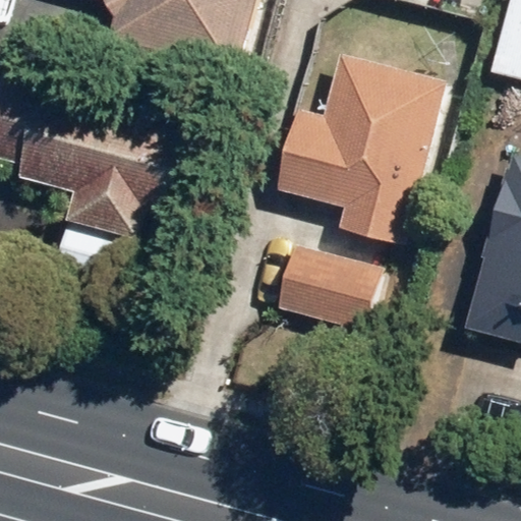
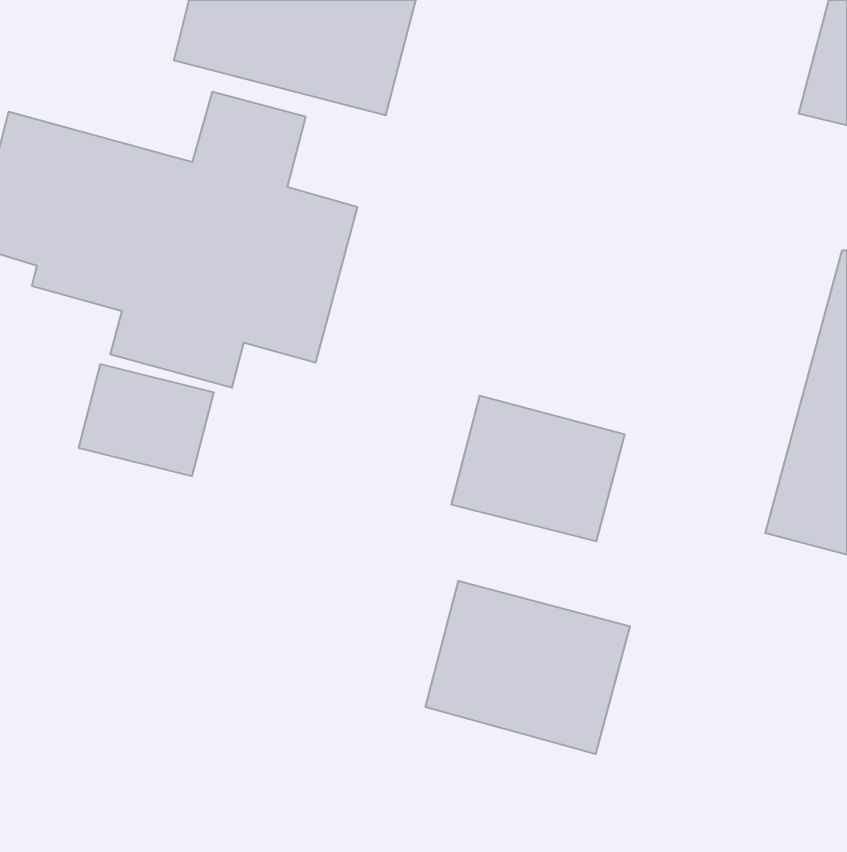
building: [277,52,449,244] -> none
building: none -> [425,581,630,754]

